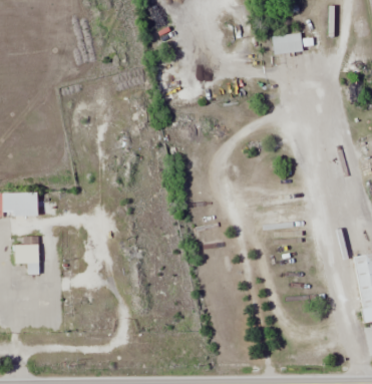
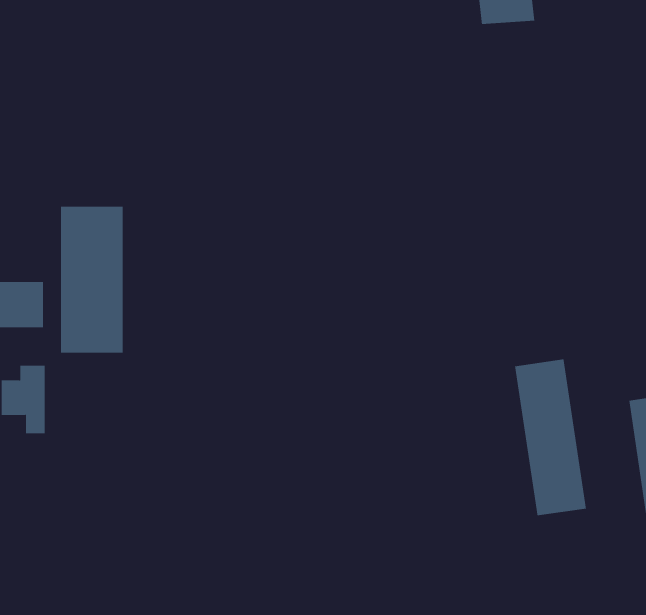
building: none -> [61,206,123,353]
building: none -> [515,359,586,516]

